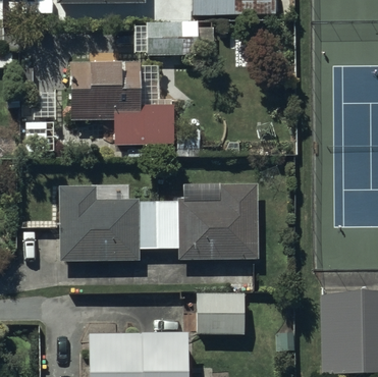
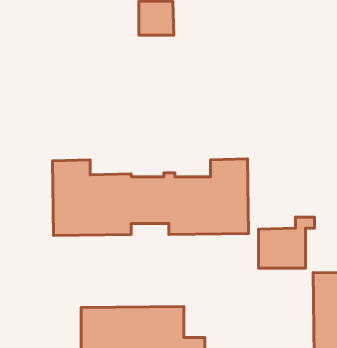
building: [68,60,173,145] -> none
building: [196,280,253,332] -> [259,217,314,268]

